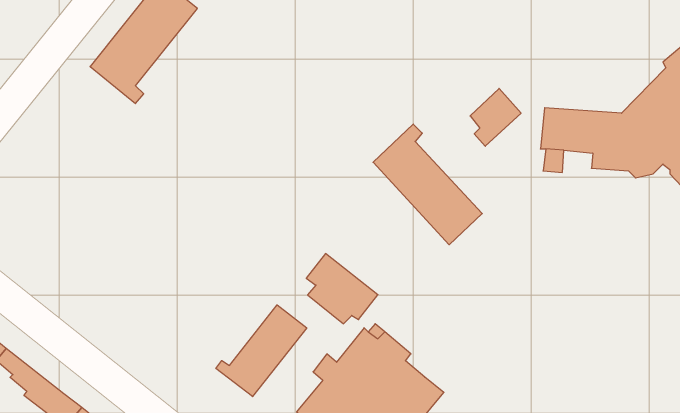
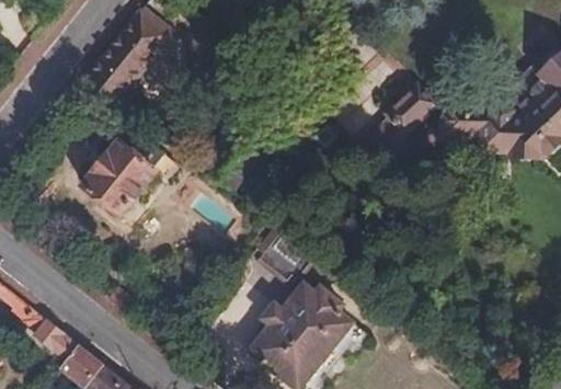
building: [373,124,482,245] -> none
building: none -> [82,130,162,213]
building: [216,305,307,397] -> none

